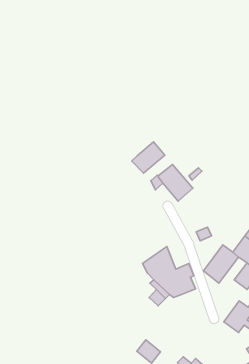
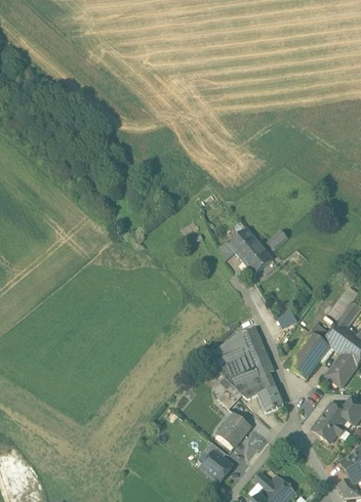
building: [132,142,165,173] -> none
building: none -> [238,326,267,362]
building: none -> [257,386,283,412]
building: none -> [216,412,250,446]

